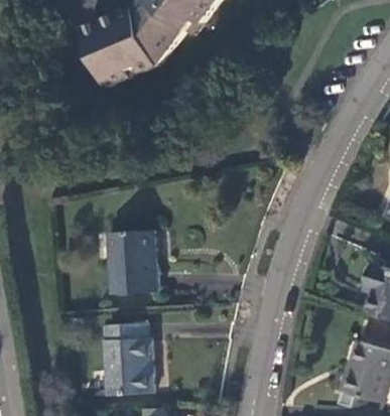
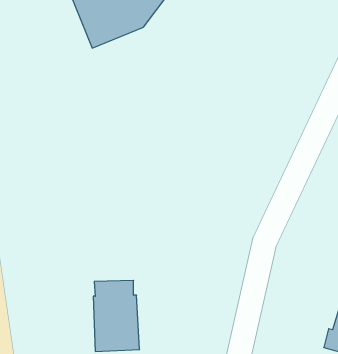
building: [107,228,157,291] -> none

